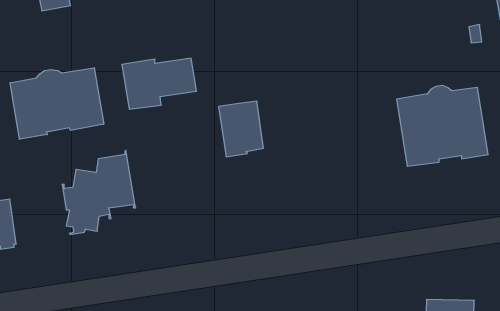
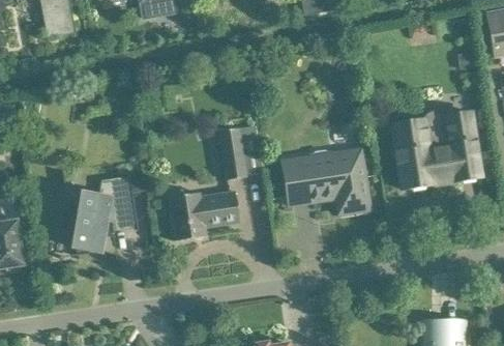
building: [122,58,196,109] -> [168,191,240,240]
building: [10,68,104,139] -> none
building: none -> [283,149,370,213]

